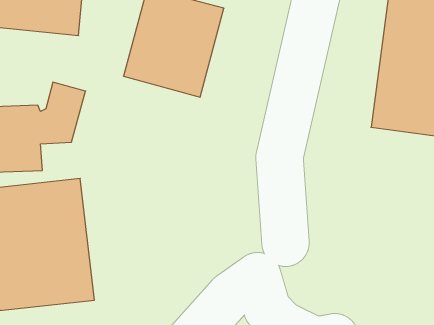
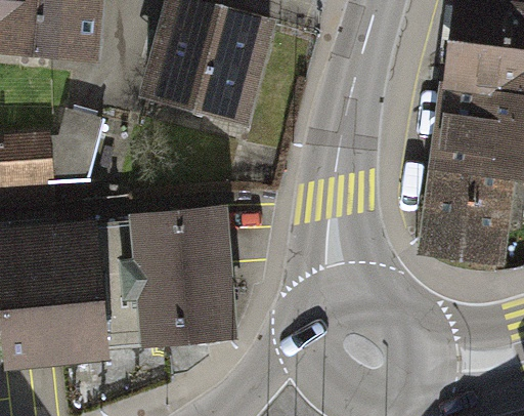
building: none -> [426,160,506,253]
building: none -> [132,210,236,347]

